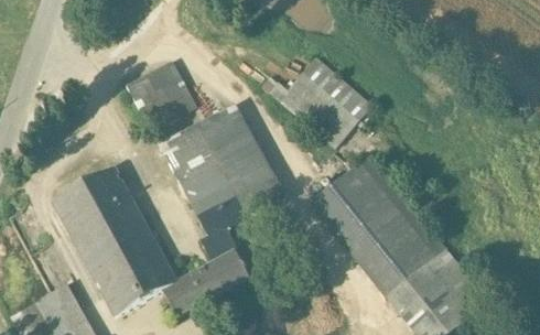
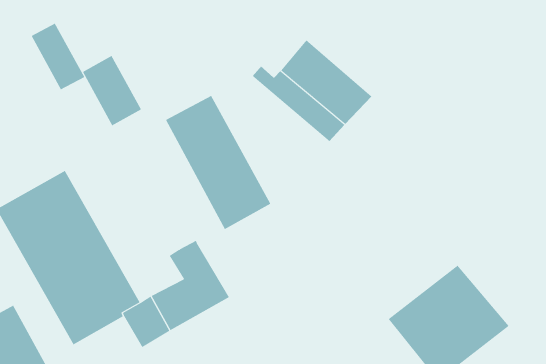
building: [151,60,197,117] -> [31,23,85,90]
building: [160,126,247,236] -> none
building: [311,155,445,295] -> none

